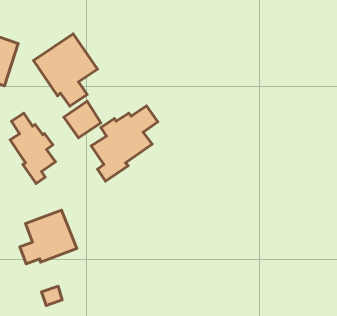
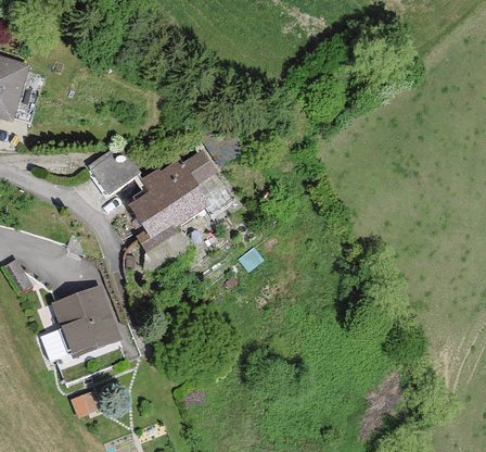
building: [33,34,97,106] -> none
building: [10,113,55,184] -> none

